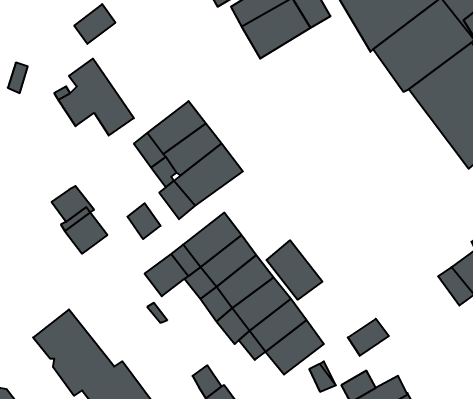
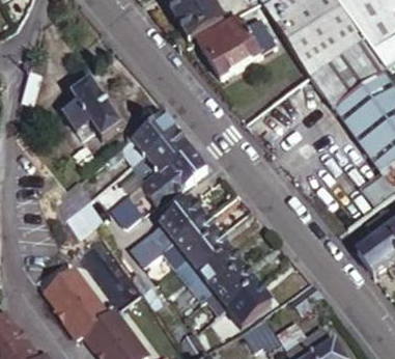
building: [266,240,322,300] -> none

